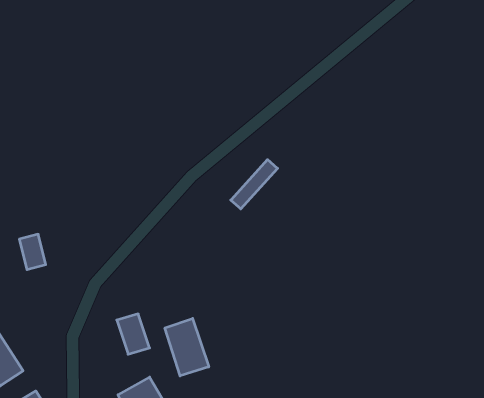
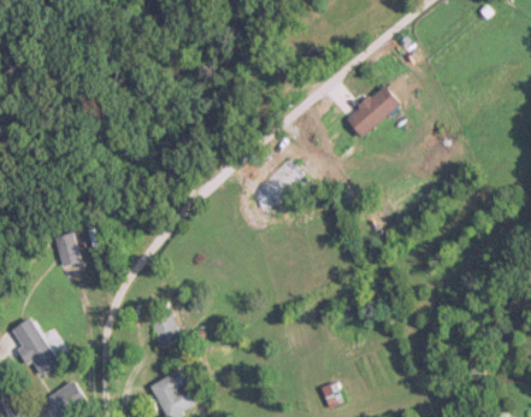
building: none -> [342,86,399,137]
building: [165,318,209,376] -> none

